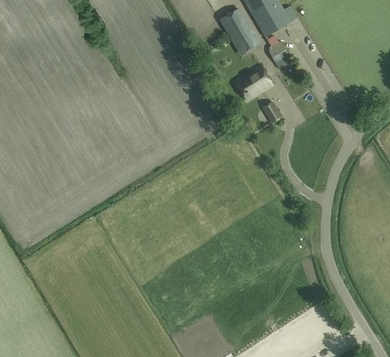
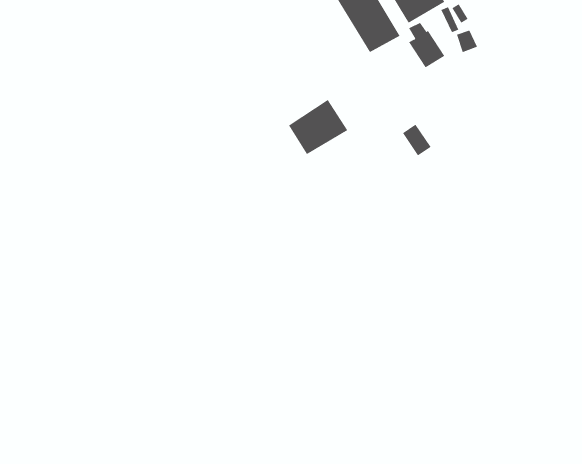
building: [234,65,273,101] -> [288,99,348,155]

